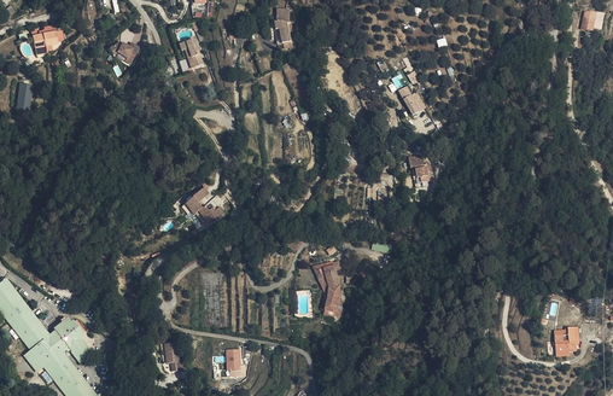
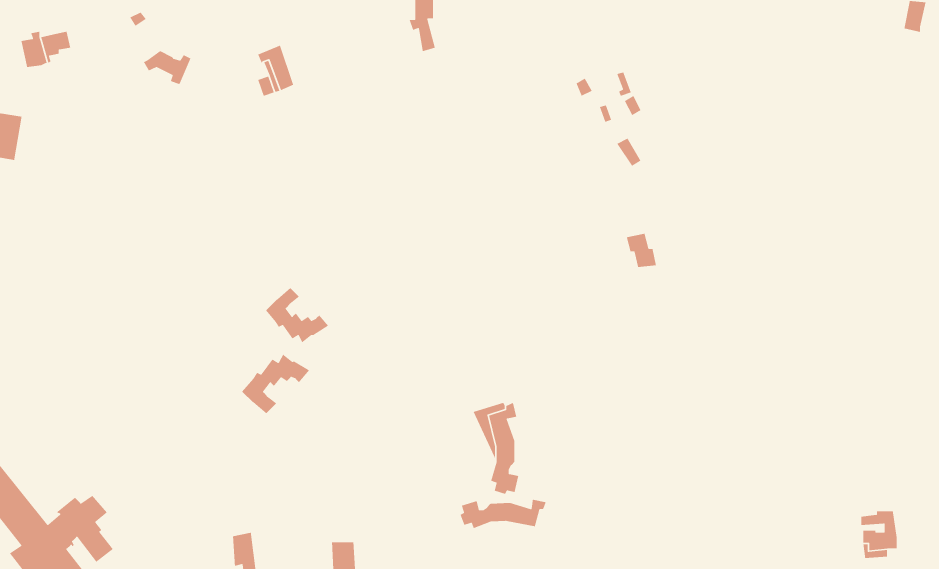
building: none -> [241,354,310,414]
building: none -> [460,499,547,529]

